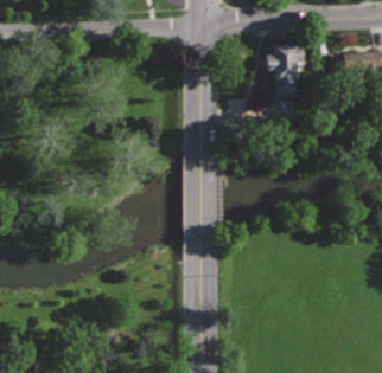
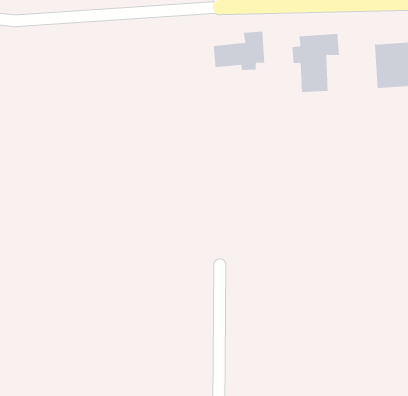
building: none -> [213,31,265,71]

